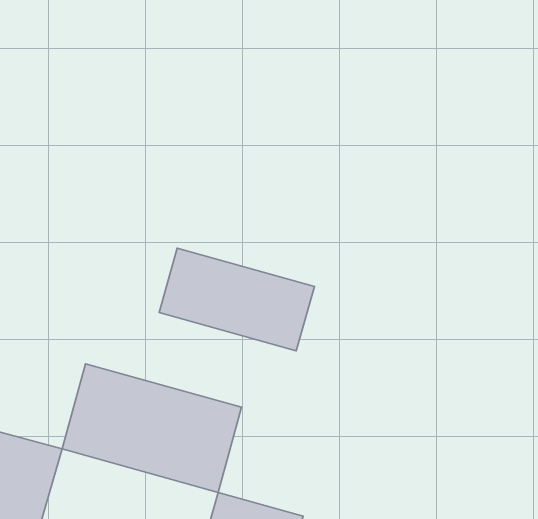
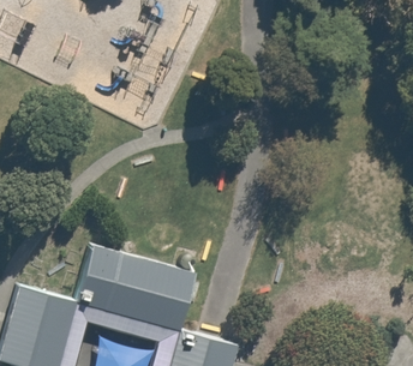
building: [159,248,314,351] -> none

